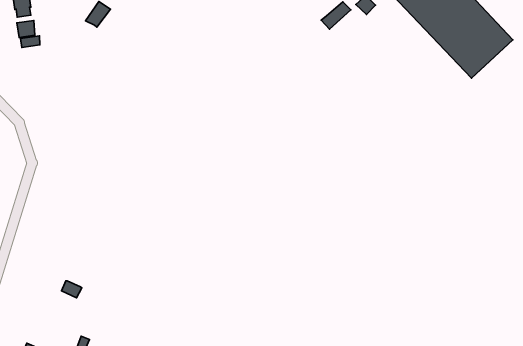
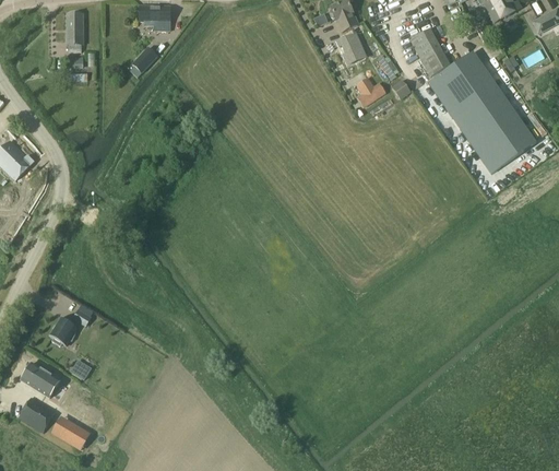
building: none -> [50,317,78,345]

